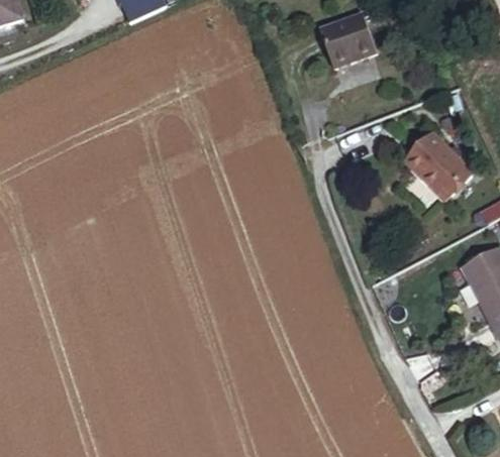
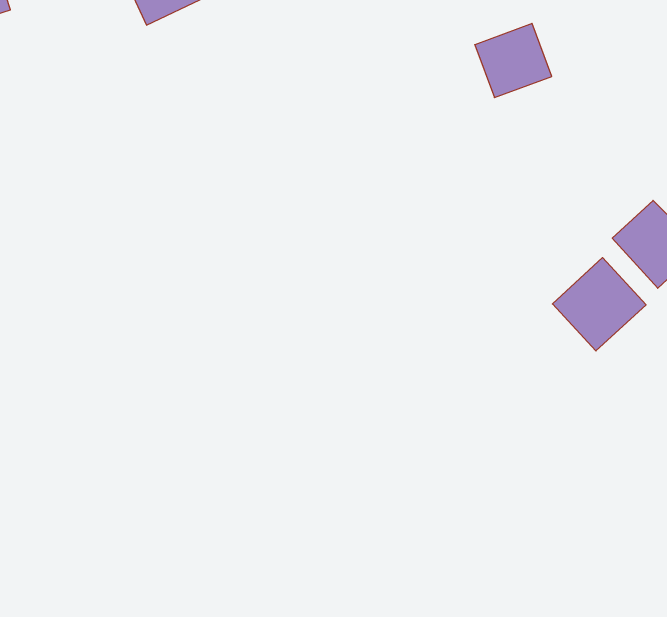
building: none -> [552,258,646,351]

